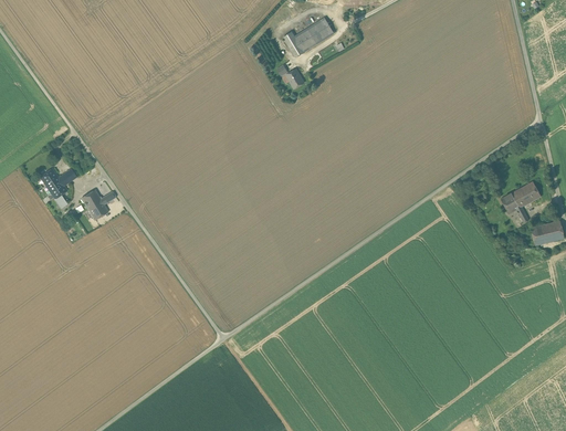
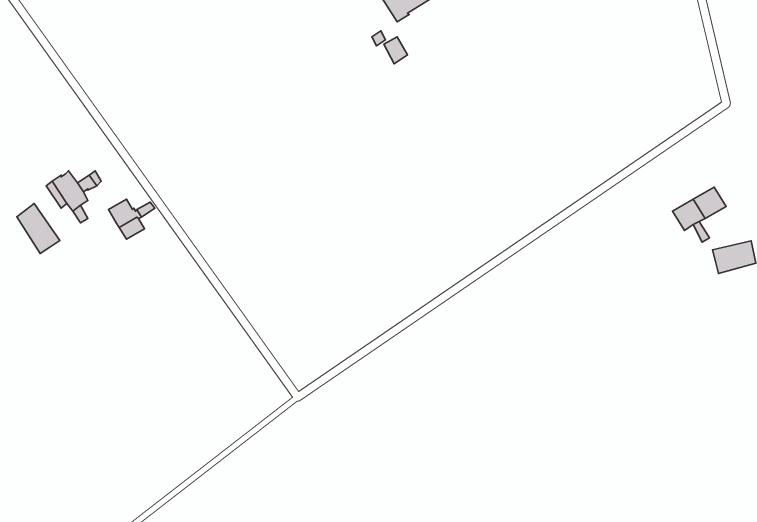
building: none -> [17,204,60,254]

